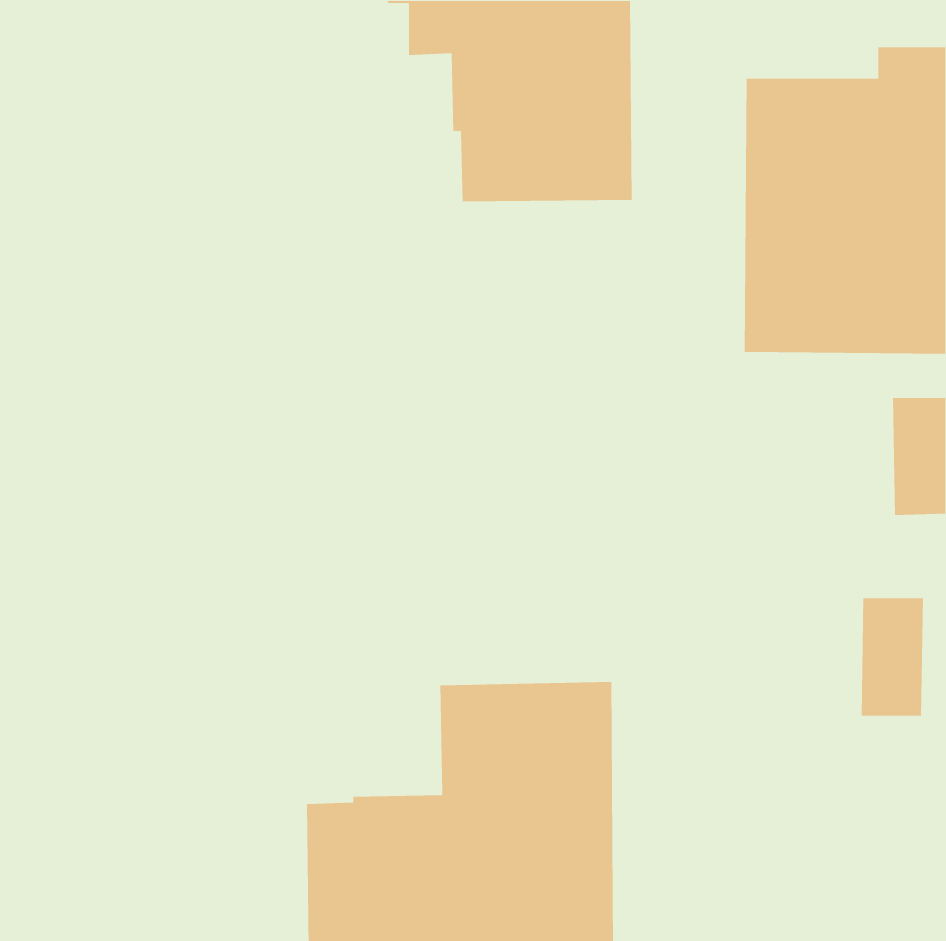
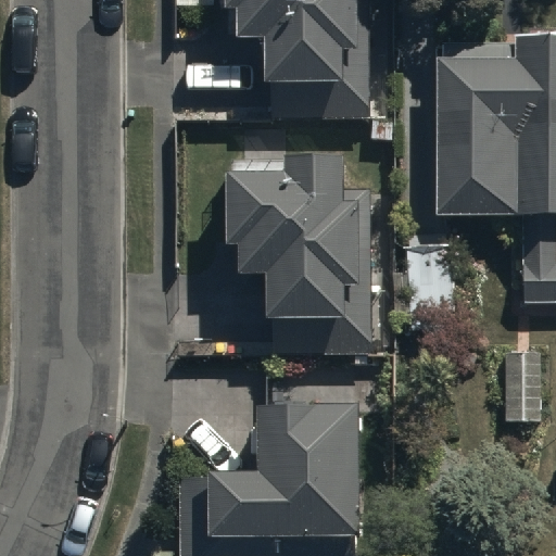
building: none -> [226,151,371,354]

